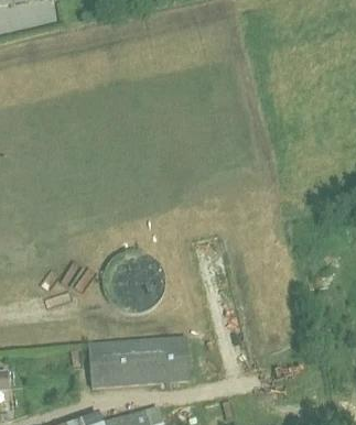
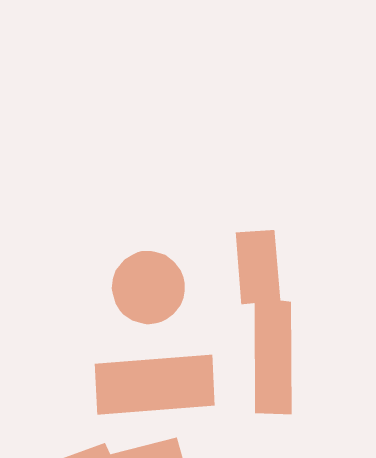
building: none -> [235,229,292,415]

